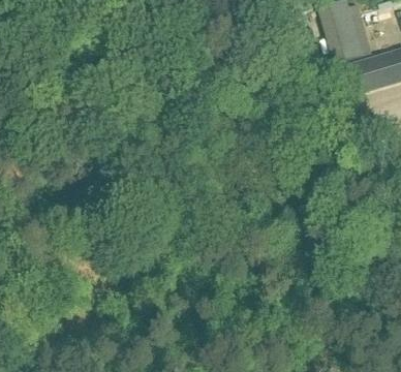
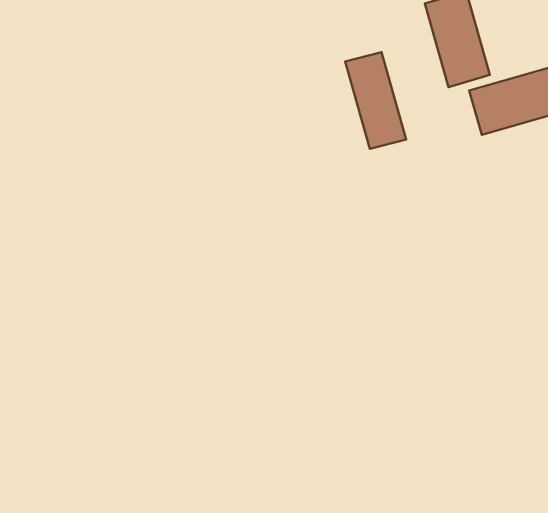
building: none -> [345,52,406,149]

